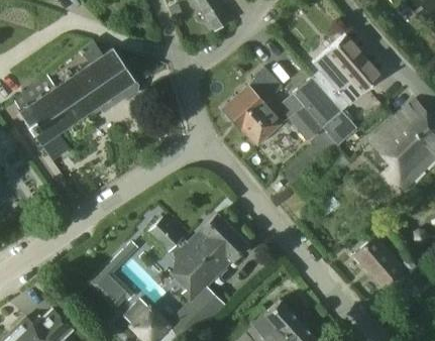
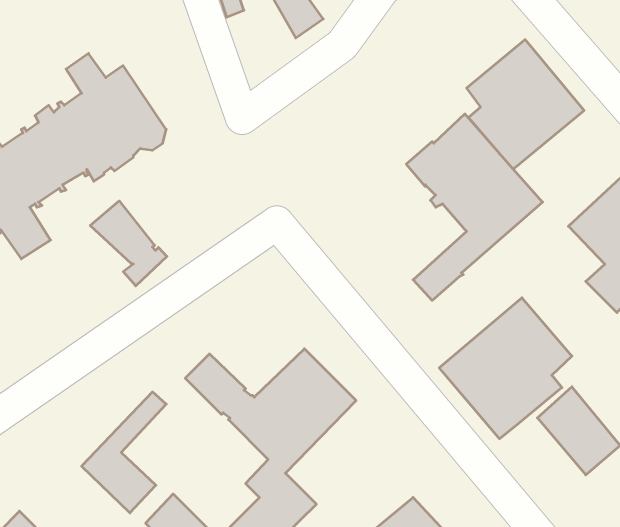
building: [224,68,283,145] -> none
building: none -> [90,201,167,286]
building: none -> [439,298,572,439]

